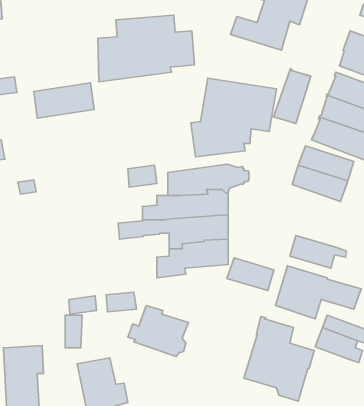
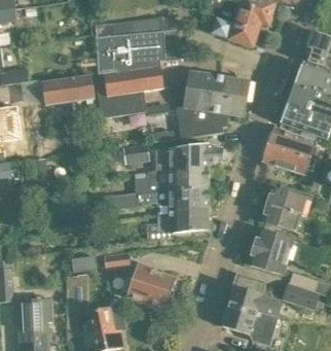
building: [273,68,311,124] -> none
building: none -> [95,65,162,118]
building: [227,258,274,291] -> [265,186,305,214]

